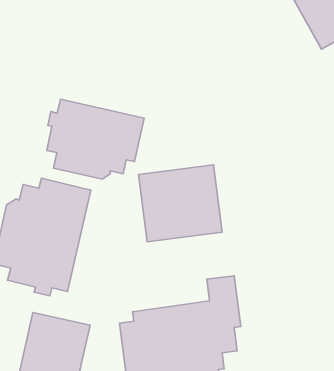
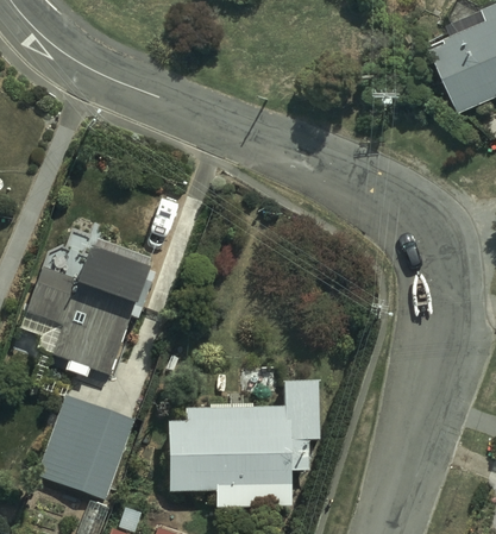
building: [47,99,144,179] -> none
building: [139,165,222,242] -> none

